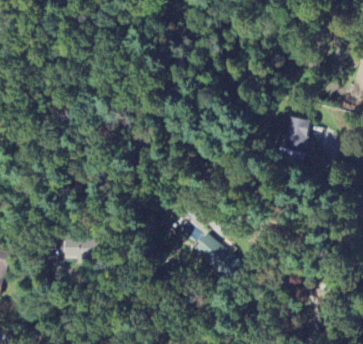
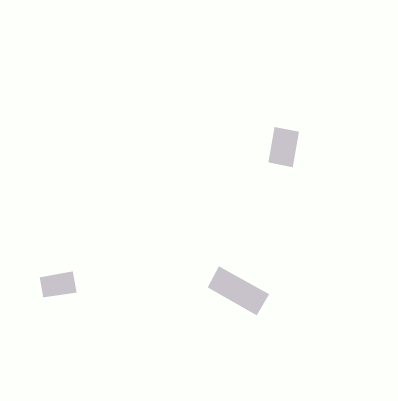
building: [285,116,310,148] -> [268,126,300,168]

